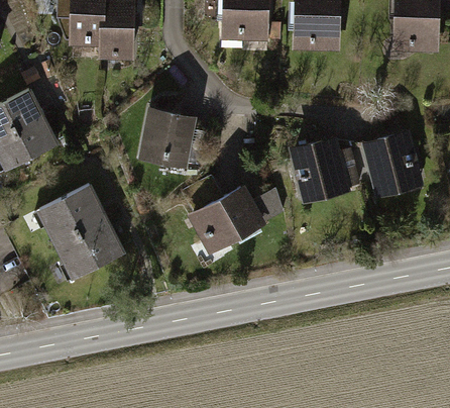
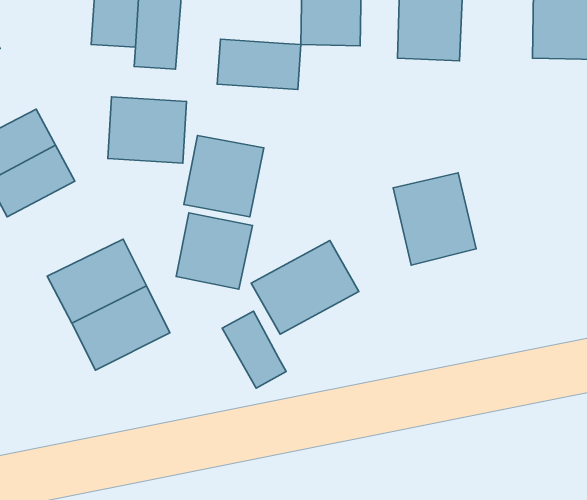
building: none -> [217,39,301,89]
building: none -> [108,97,186,163]
building: [362,131,423,198] -> none
building: none -> [176,213,253,289]
building: none -> [222,311,286,388]

